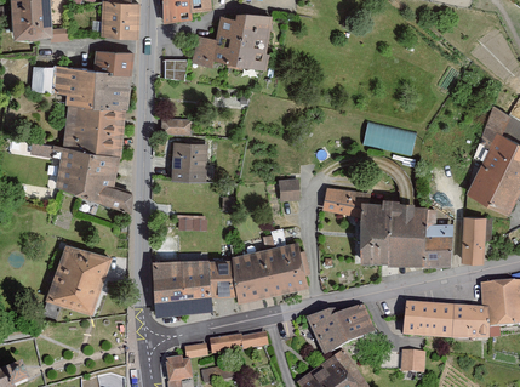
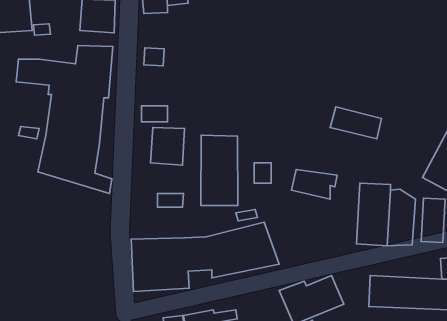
building: [192,13,273,69] -> none
building: none -> [201,135,238,206]
building: [361,198,395,266] -> none
building: [50,244,112,312] -> none

